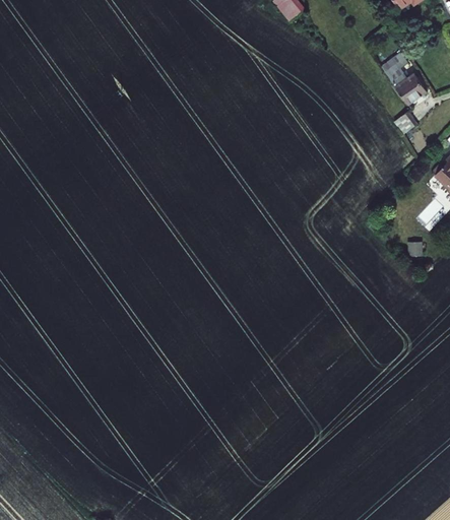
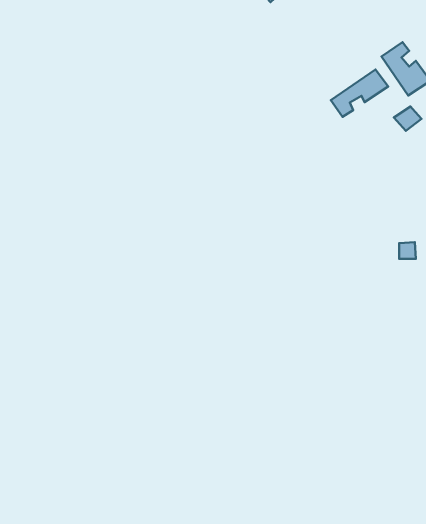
building: none -> [331,69,388,117]

